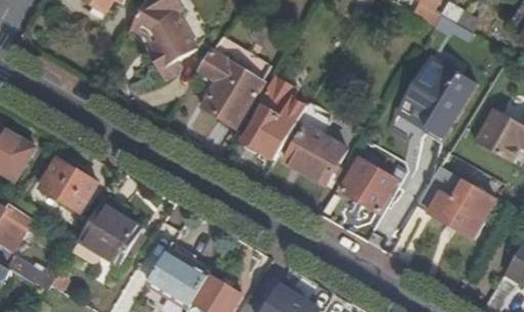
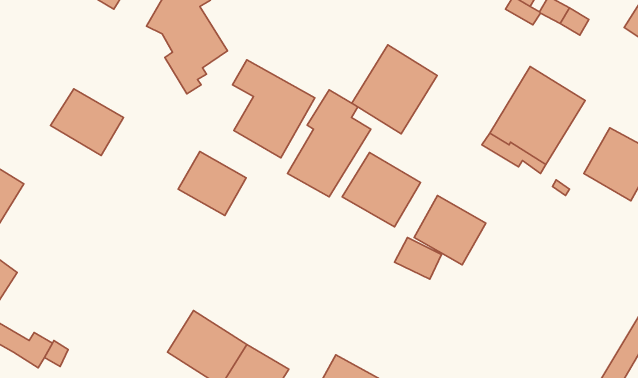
building: none -> [352,45,437,134]
building: none -> [178,152,246,216]
building: [40,160,97,212] -> [50,89,123,155]
building: [417,167,495,238] -> none
building: [77,204,141,266] -> none

